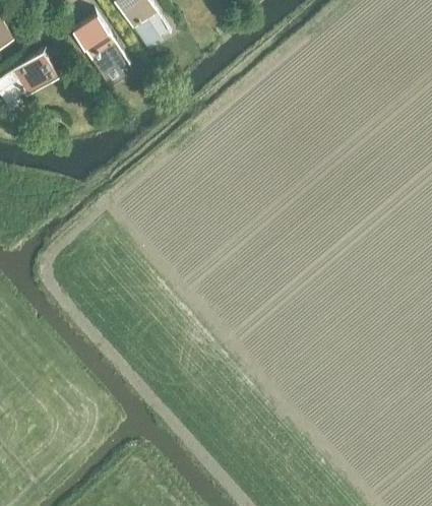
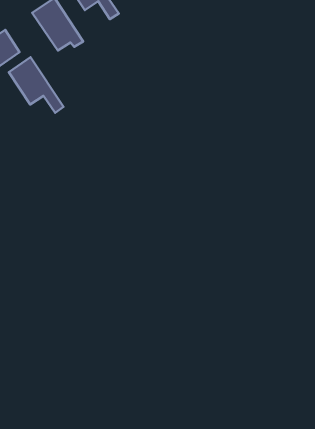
building: none -> [9,57,64,113]

